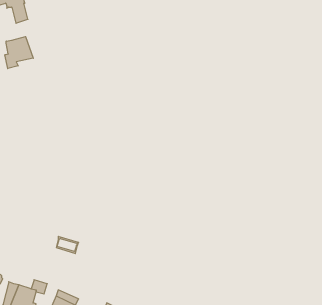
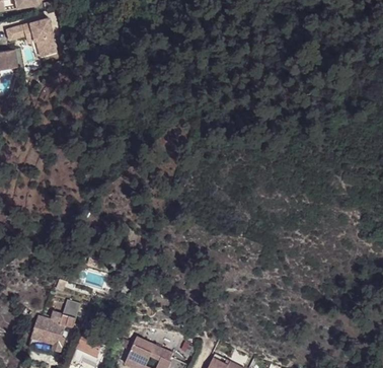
building: [5,37,33,69] -> none

